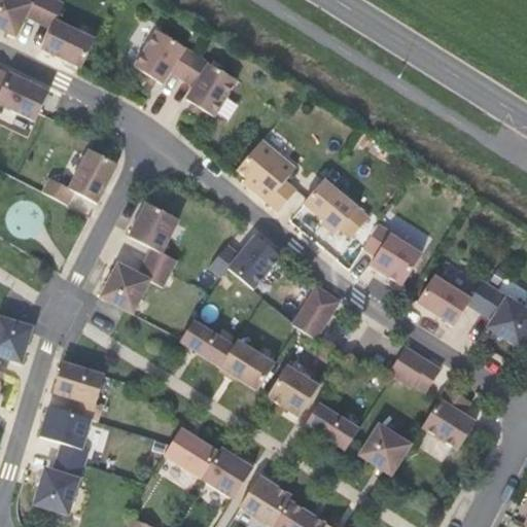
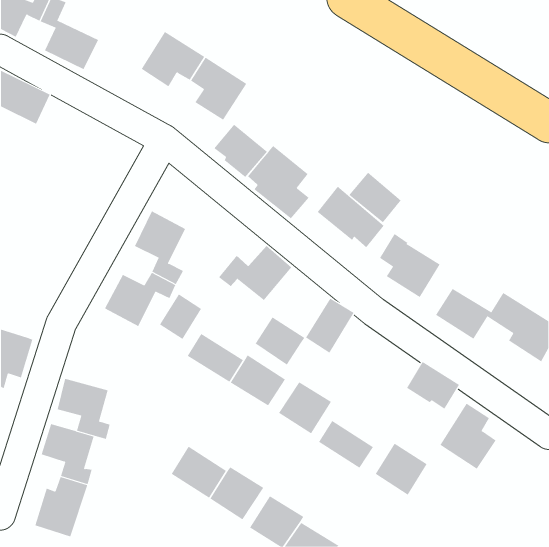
building: none -> [213,124,268,178]
building: [43,149,116,204] -> none
building: none -> [349,172,401,223]
building: none -> [159,294,202,340]
building: none -> [255,317,305,365]

